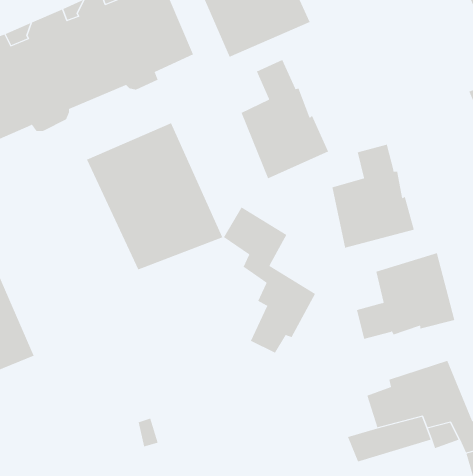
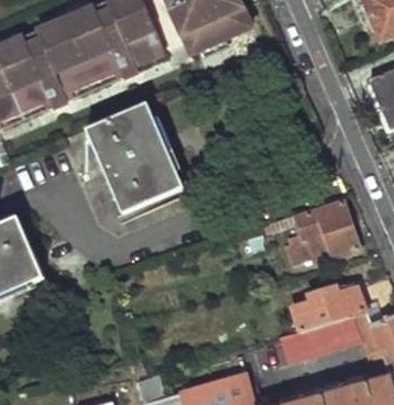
building: [241,59,329,179] -> none
building: [332,144,414,248] -> none
building: [223,207,316,353] -> none

